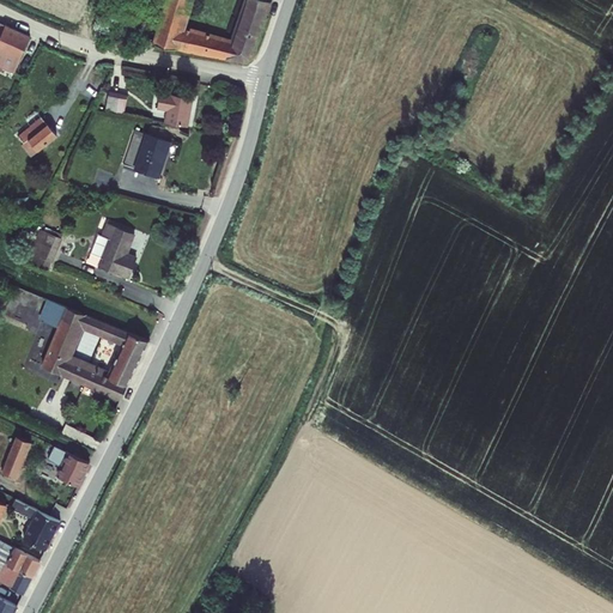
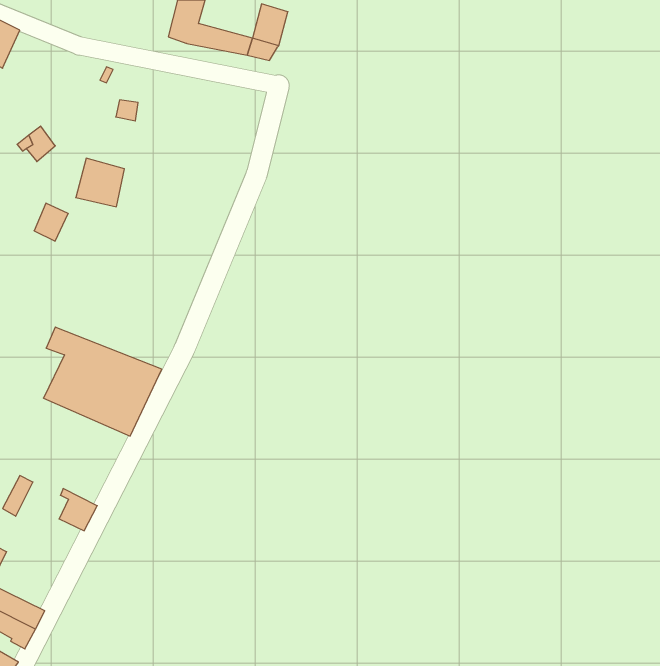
building: [157,93,193,128] -> none
building: [121,128,165,172] -> [76,158,124,207]
building: [31,232,62,267] -> [34,203,68,241]
building: [99,233,134,283] -> none
building: [11,502,60,551] -> none

